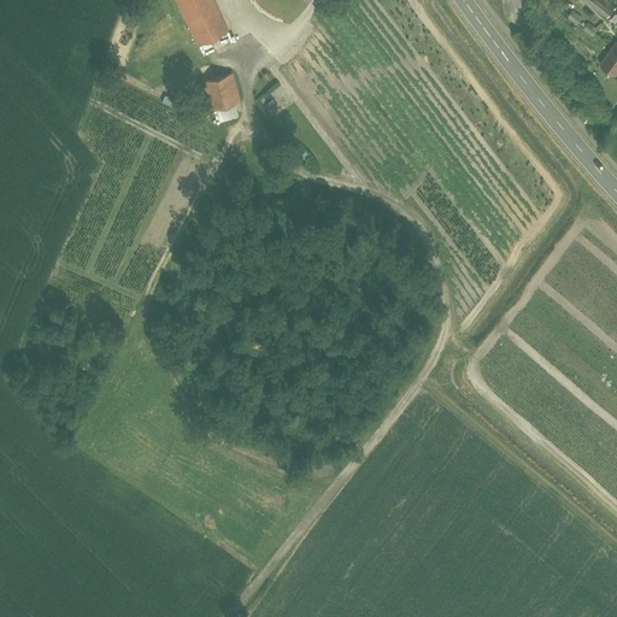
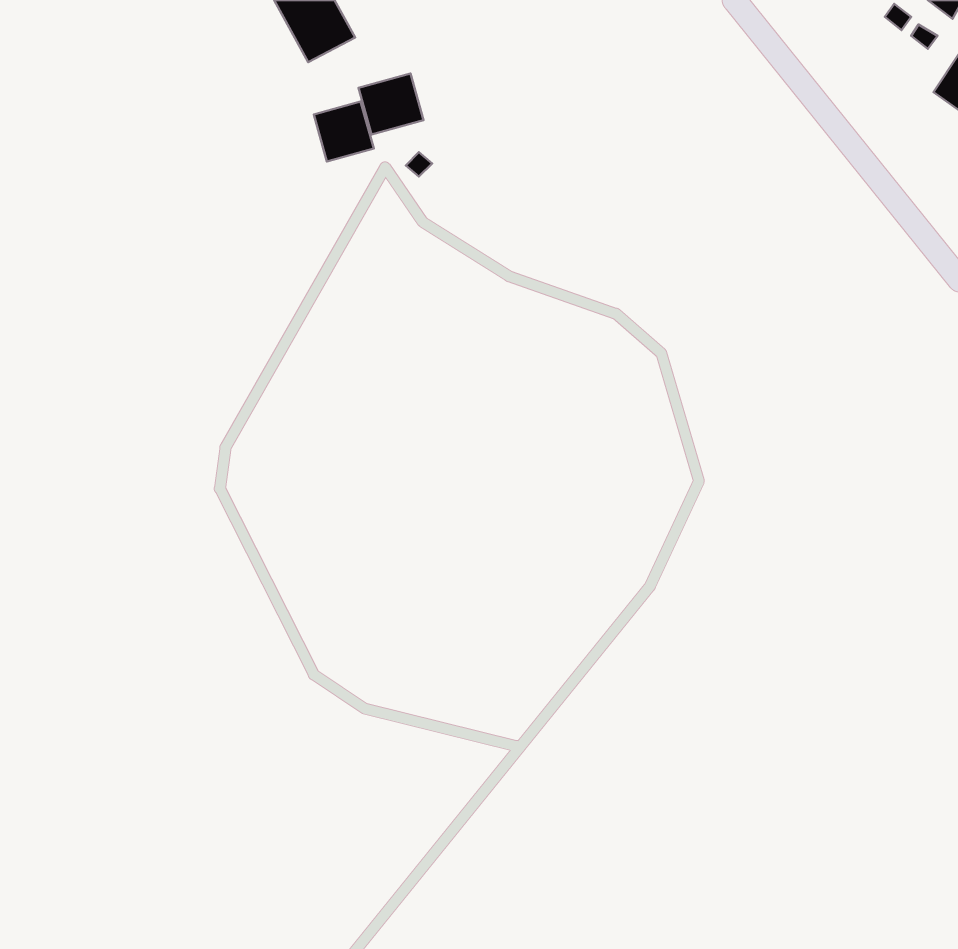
building: none -> [358,73,423,135]

